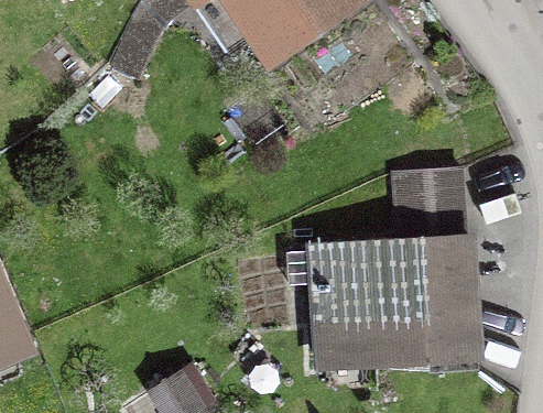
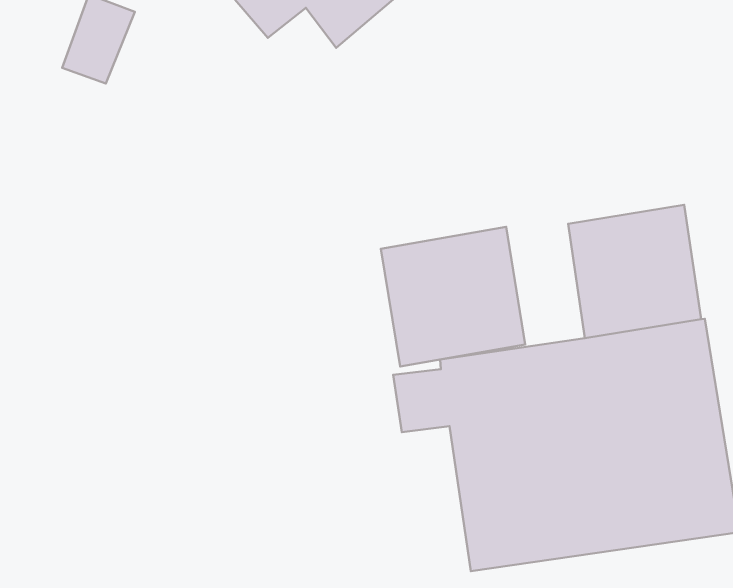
building: none -> [381,227,525,367]

